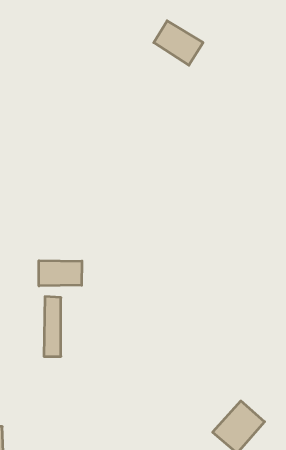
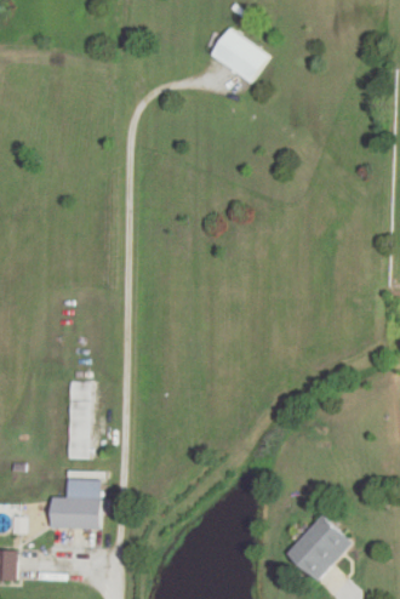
building: [39,261,82,286] -> none
building: none -> [48,479,102,527]

